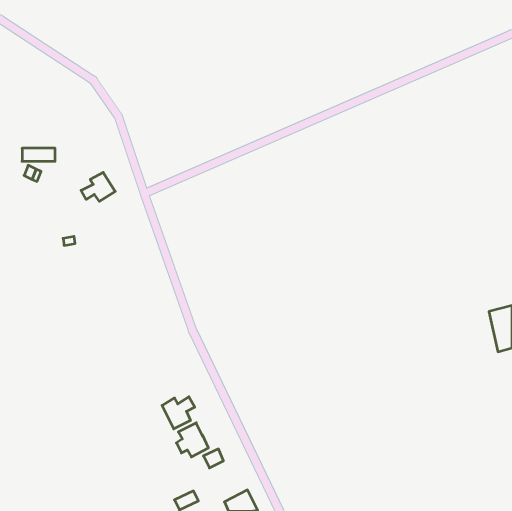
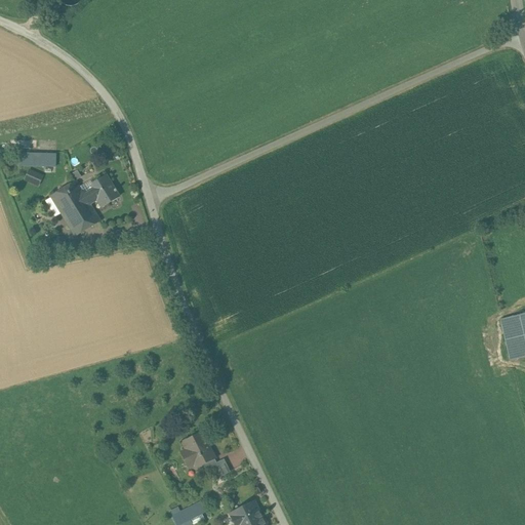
building: none -> [51,181,98,235]
building: [162,397,195,429] -> none

